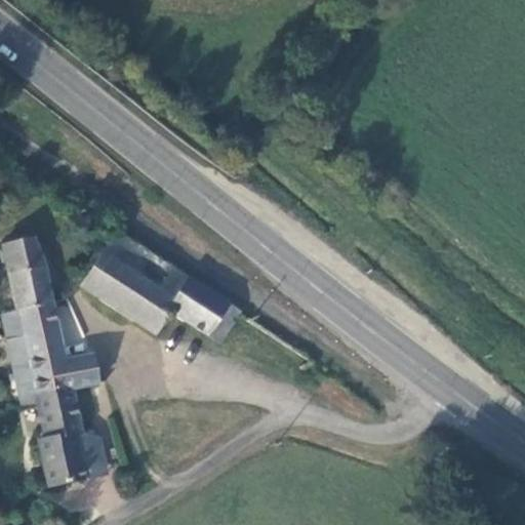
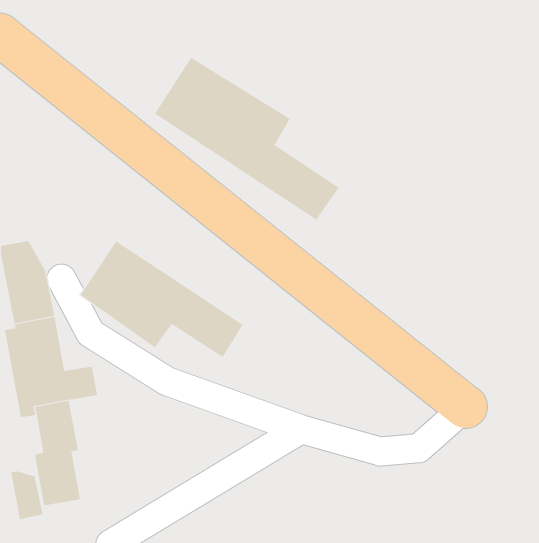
building: none -> [154,57,339,220]
building: [74,435,106,482] -> [11,471,44,520]

